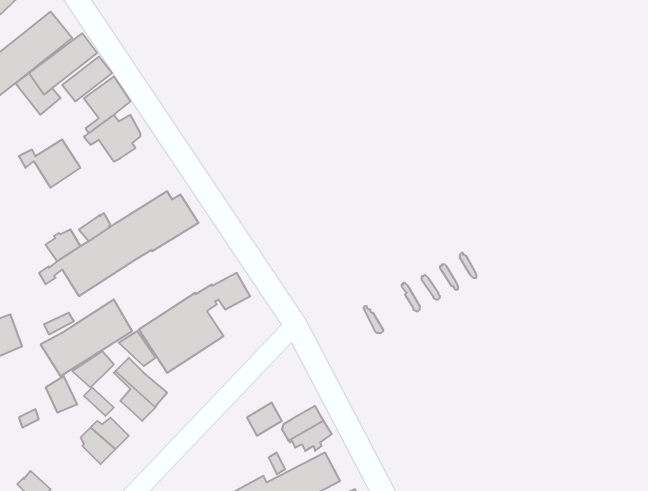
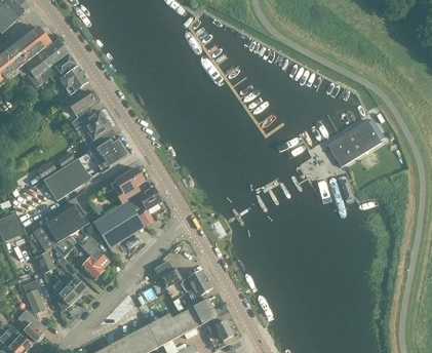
building: [19,140,80,188] -> [74,110,112,140]
building: none -> [327,111,394,166]
building: none -> [111,167,145,203]
building: none -> [23,279,45,313]

